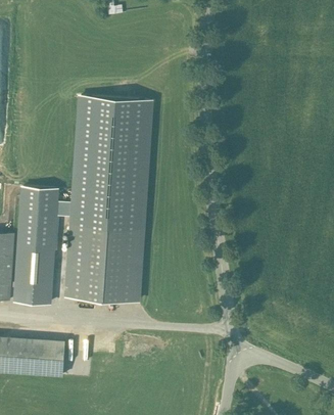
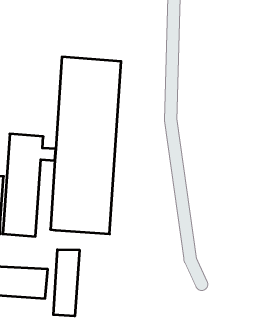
building: none -> [53,250,79,316]

